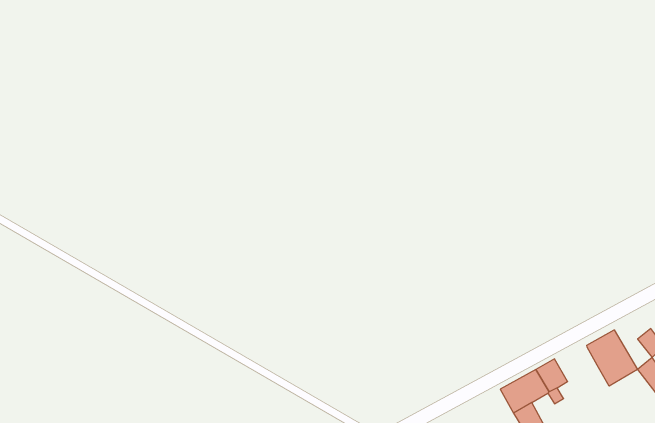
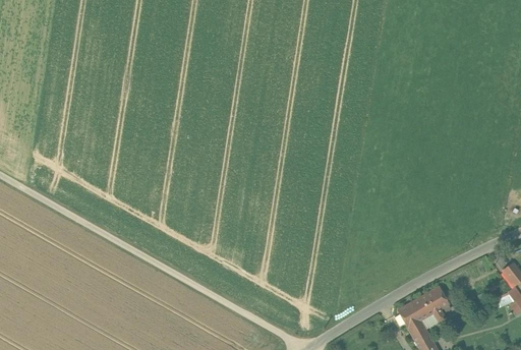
building: [587,330,638,386] -> none

